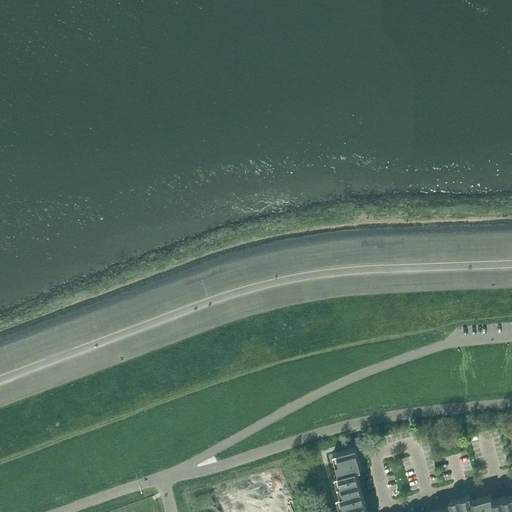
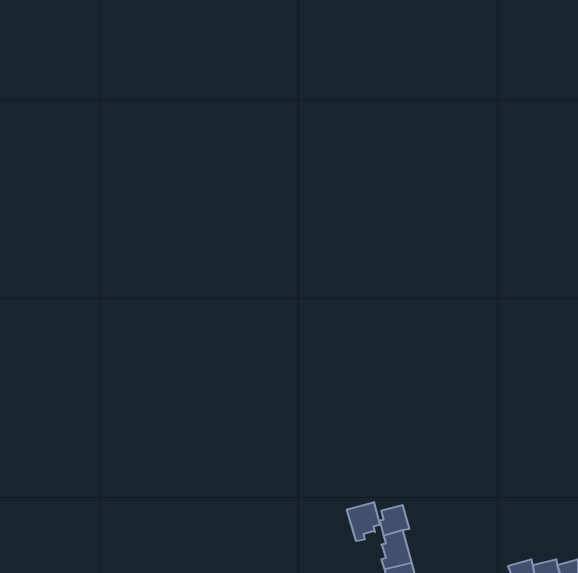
building: none -> [347,502,380,541]

